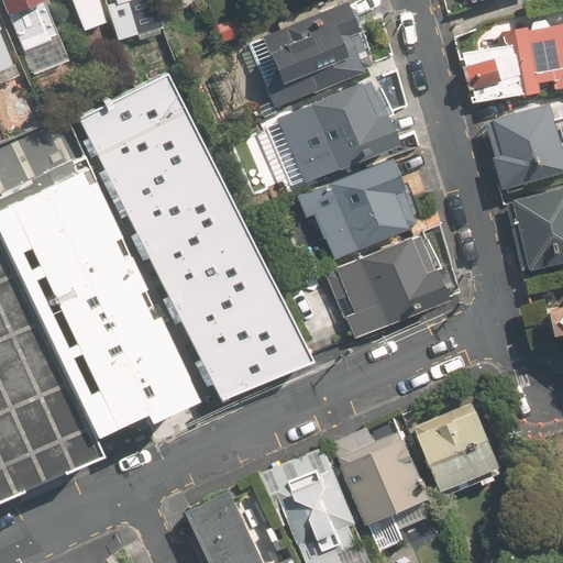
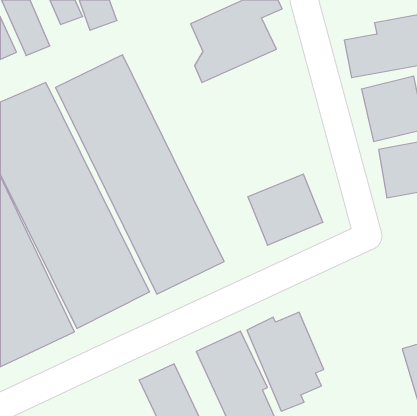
building: [269,78,398,191] -> none
building: [298,159,415,256] -> none
building: [416,405,504,494] -> none

